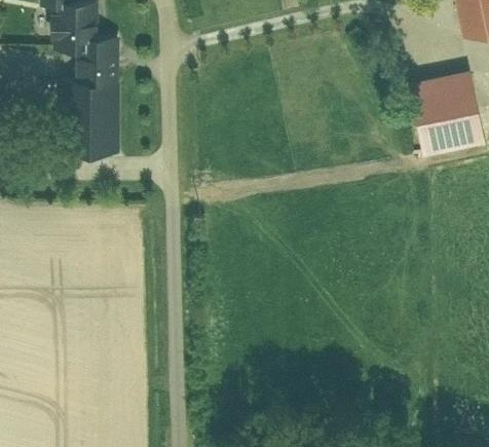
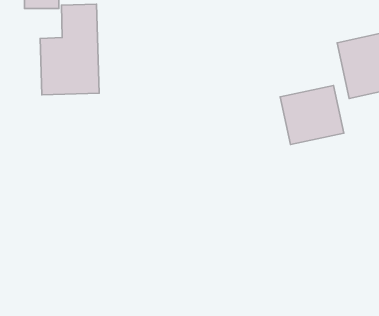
building: none -> [280,85,344,145]

